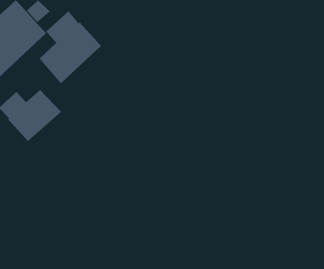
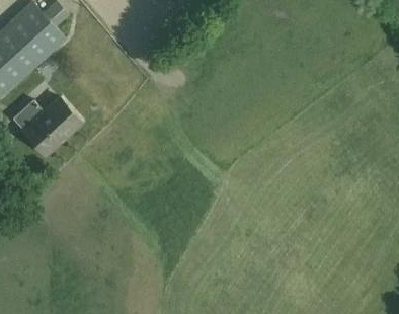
building: [39,10,102,84] -> none

